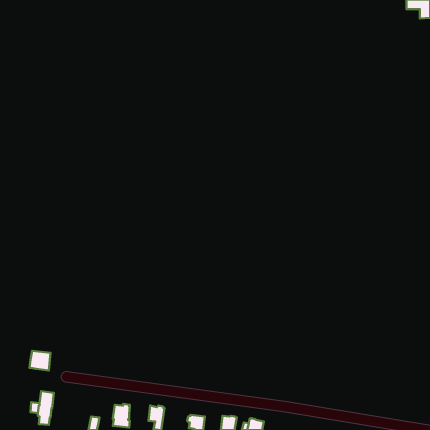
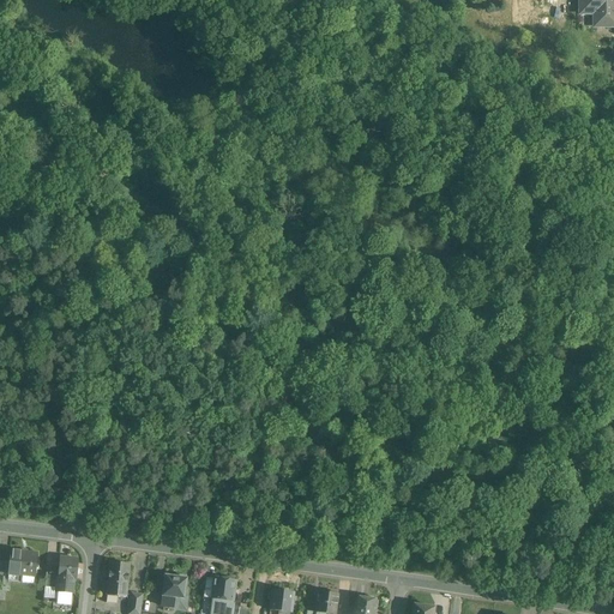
building: [29,351,51,370] -> [6,549,36,577]
building: none -> [106,562,128,597]

